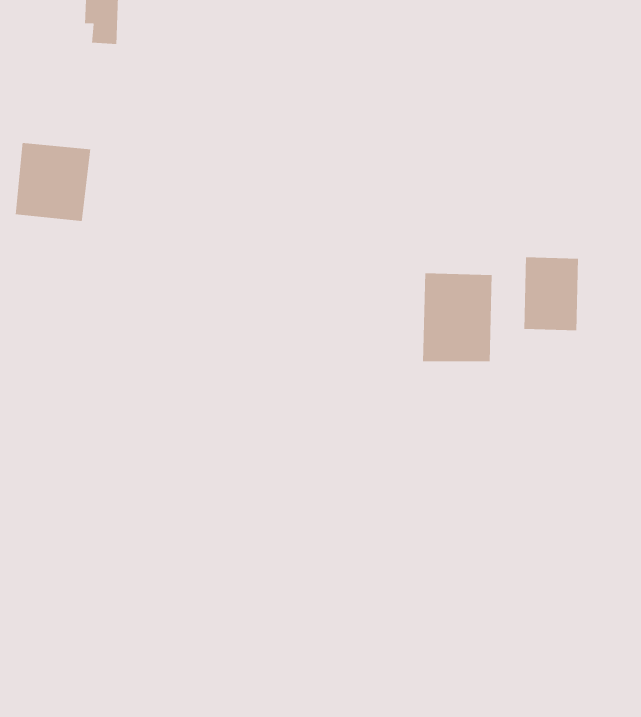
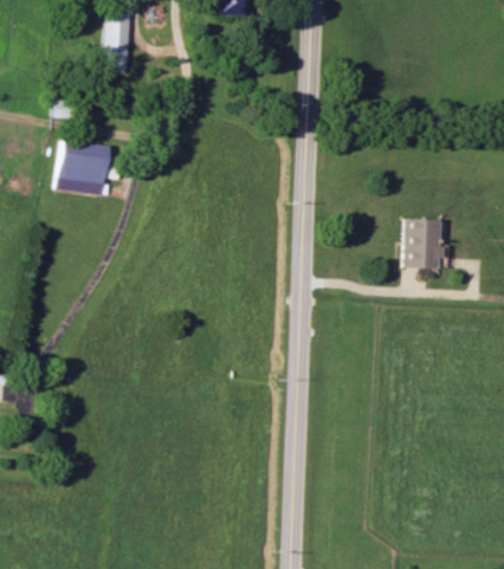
building: [422,272,492,362] -> none

